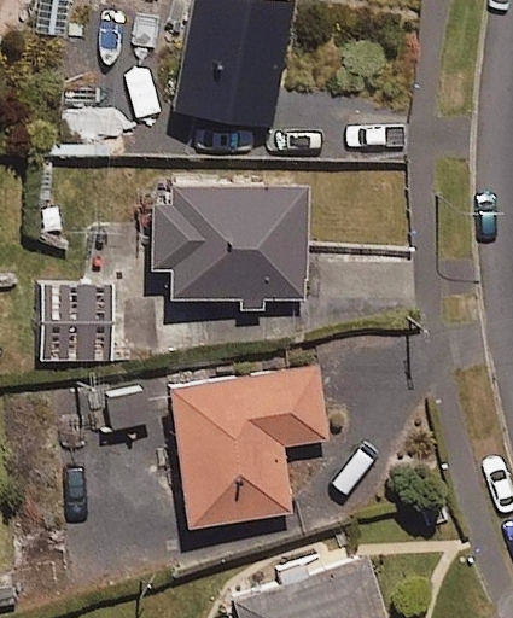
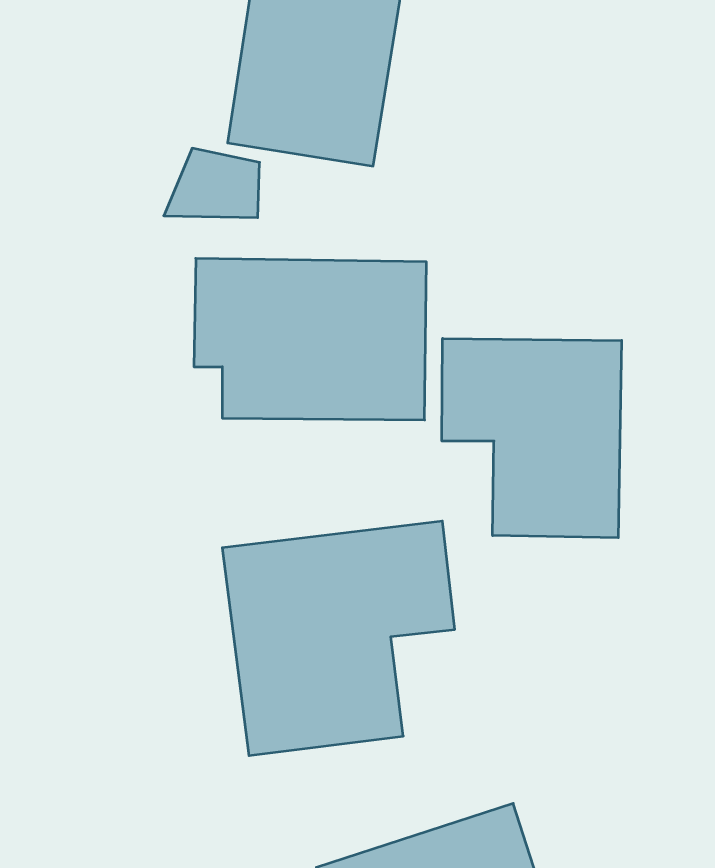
building: none -> [442,338,622,538]
building: [41,284,115,361] -> none

